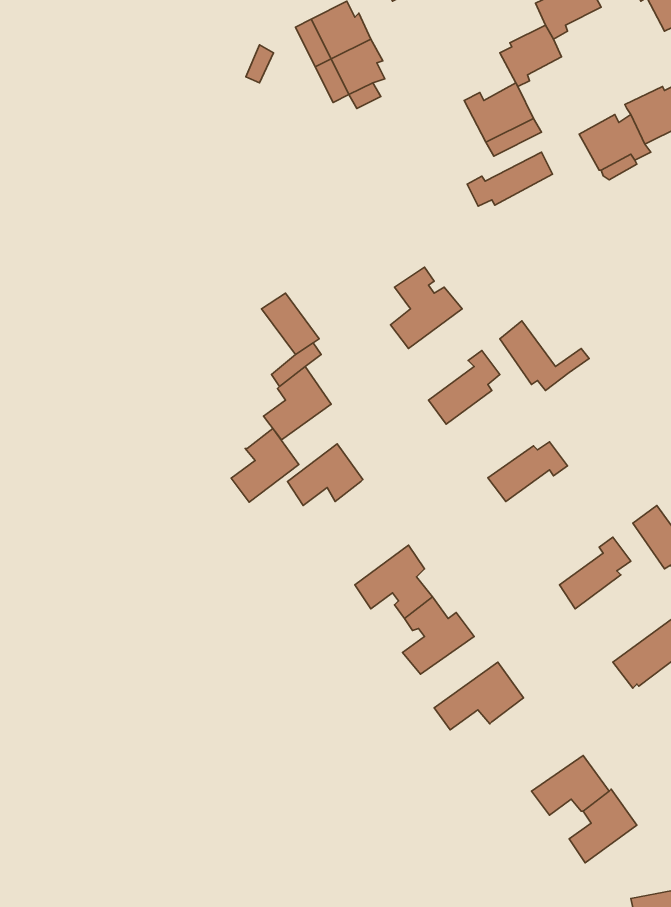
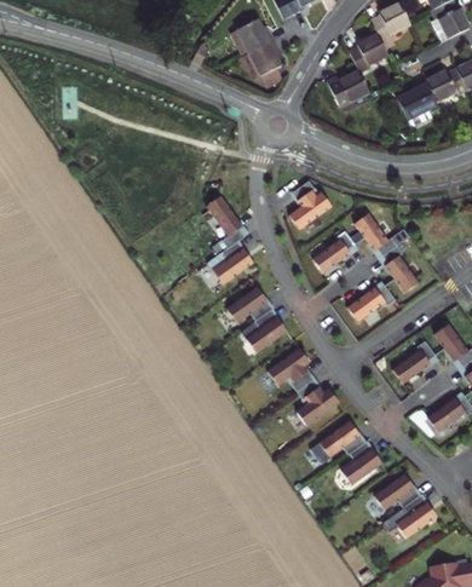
building: [467,152,553,206] -> none
building: none -> [380,242,418,292]
building: [231,429,299,502] -> [242,309,283,353]
building: none -> [339,441,384,487]

